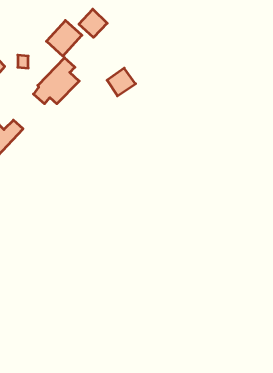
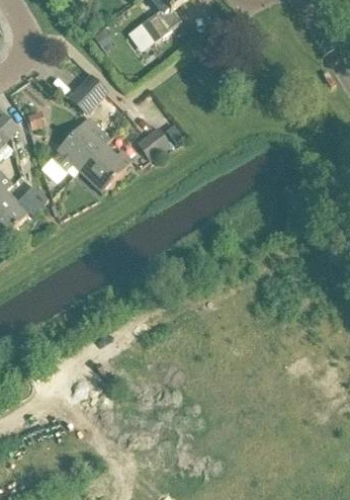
building: [79,9,107,37] -> none
building: none -> [79,144,132,191]

